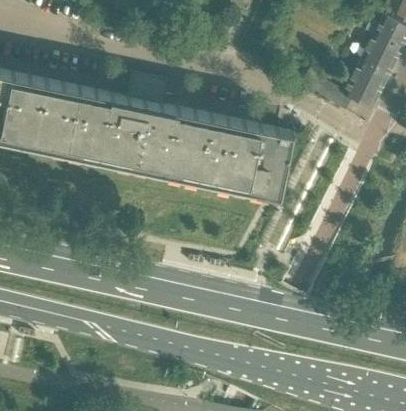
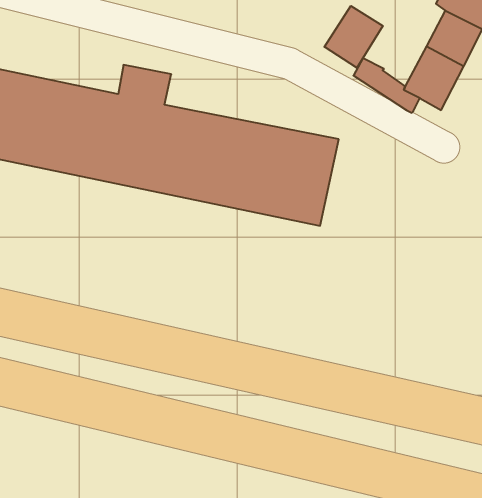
building: none -> [324,6,383,68]

